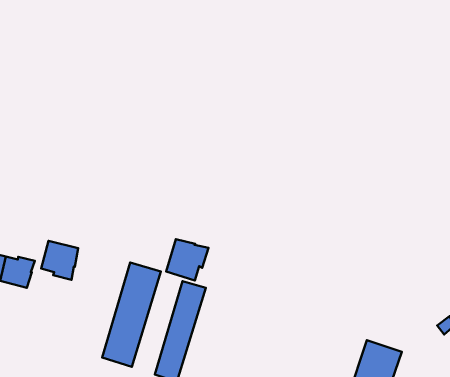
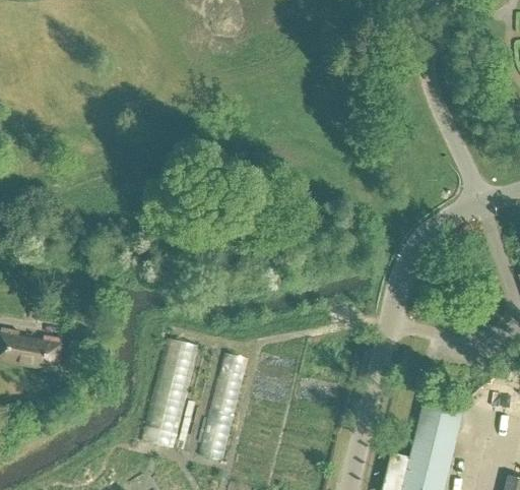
building: [166,239,208,280] -> none
building: [41,241,78,280] -> none

